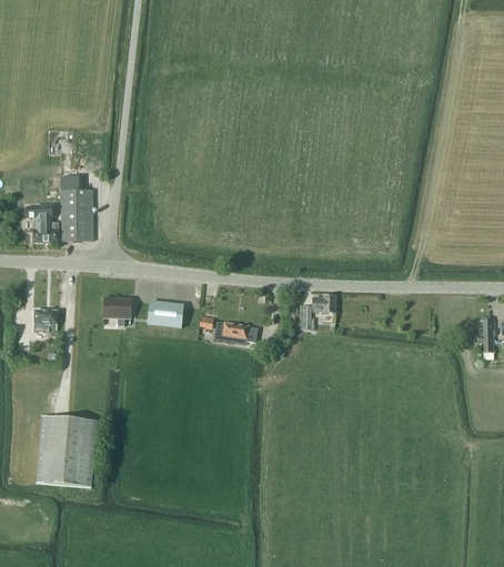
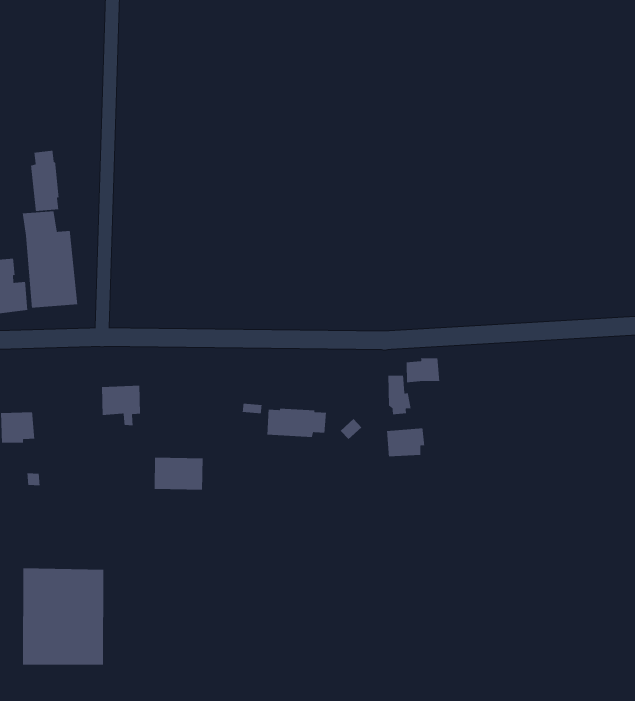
building: none -> [30,150,59,212]
building: [148,302,183,327] -> [154,457,203,491]
building: none -> [386,428,425,457]

